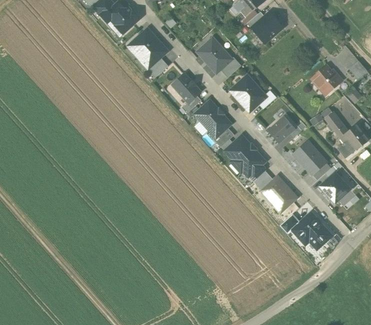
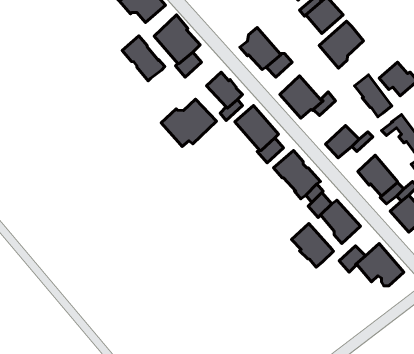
building: none -> [319,21,363,68]
building: none -> [122,36,165,81]
building: none -> [355,75,392,117]
building: none -> [161,99,217,146]
building: none -> [291,224,334,267]

